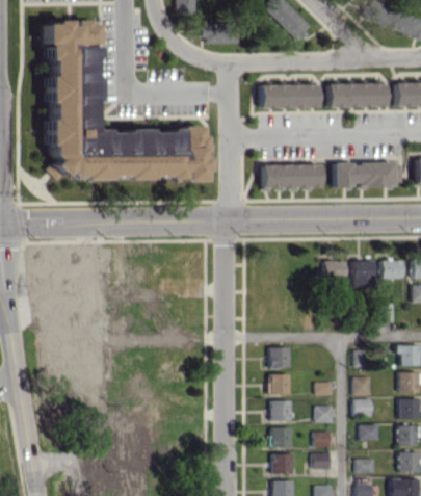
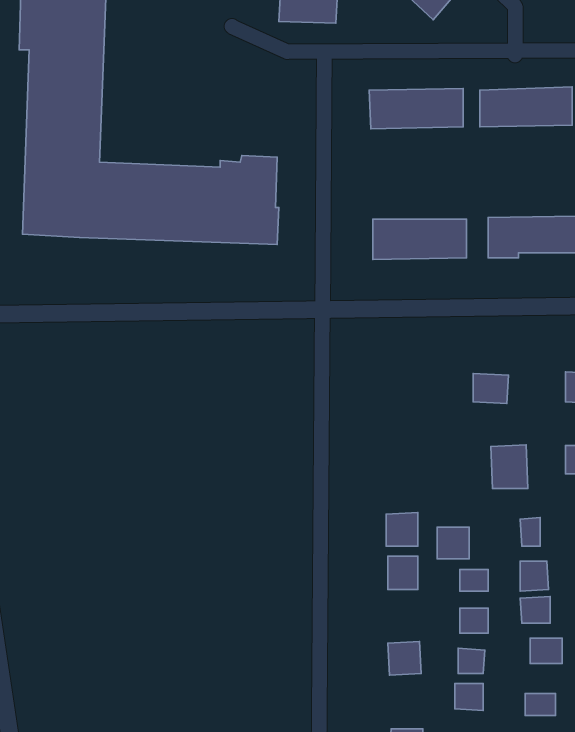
building: [351,260,374,287] -> [491,445,528,488]
building: [270,400,290,420] -> [437,527,469,559]
building: [271,453,292,474] -> none

